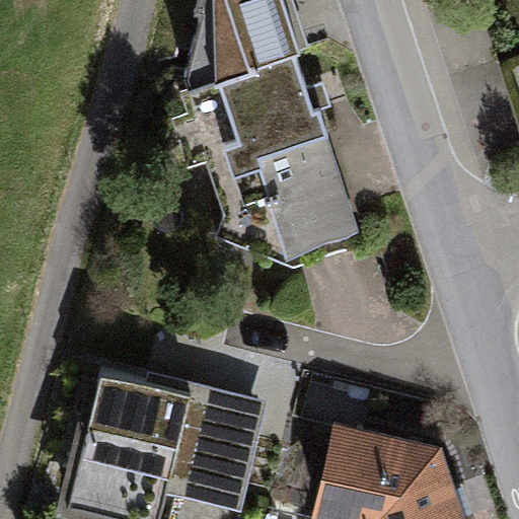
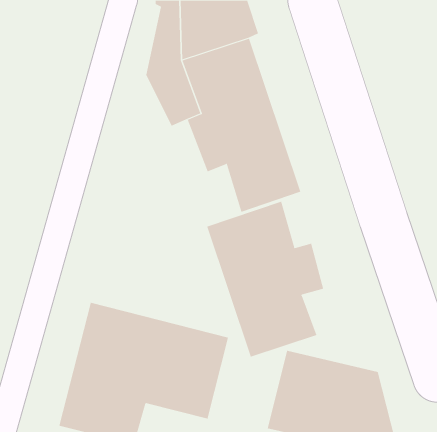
building: none -> [207,201,324,357]

